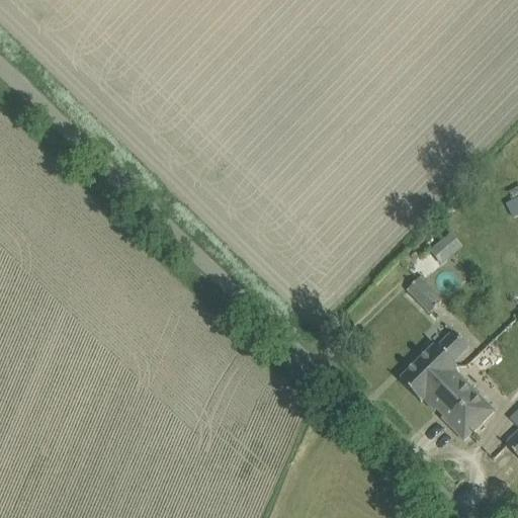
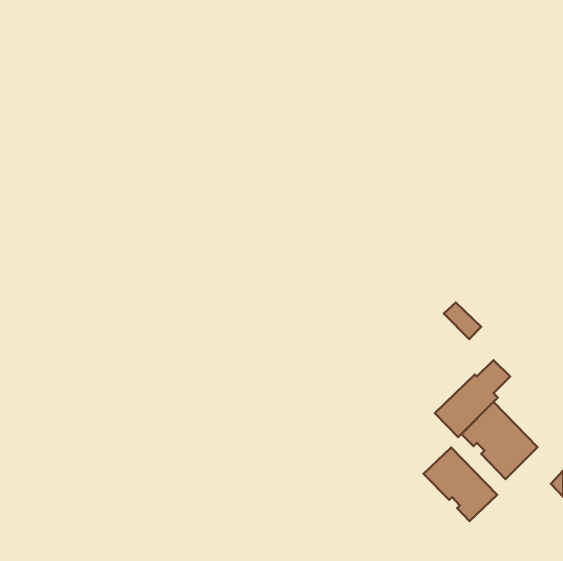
building: [429,231,461,263] -> none
building: none -> [423,448,497,521]

